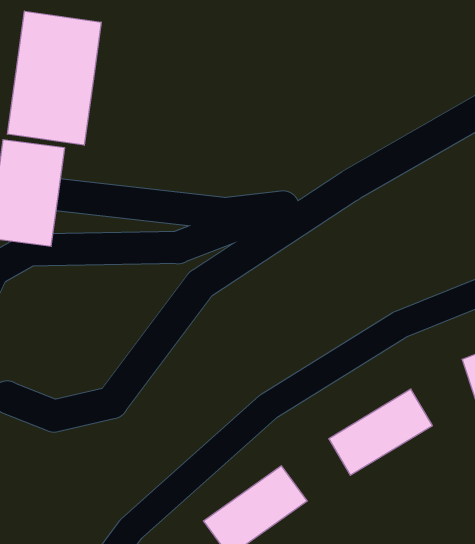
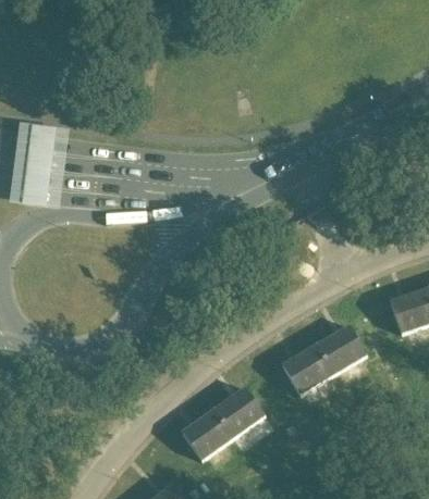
building: [8,11,101,145] -> none

